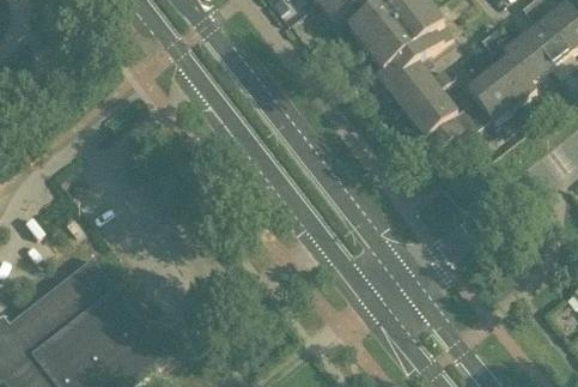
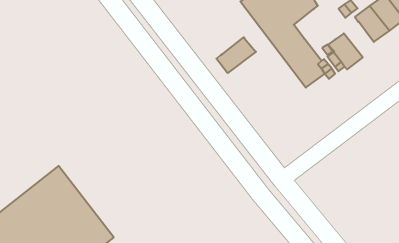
building: [488,54,536,104] -> none
building: none -> [216,37,256,73]

